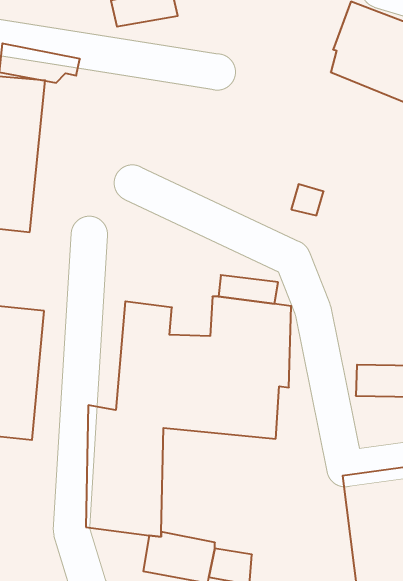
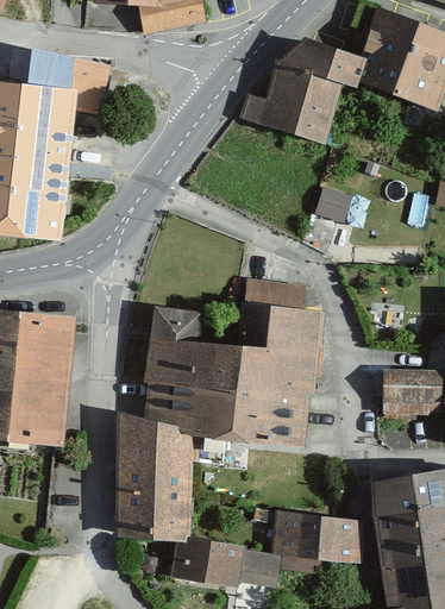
building: none -> [243,38,364,143]
building: none -> [272,514,364,563]

